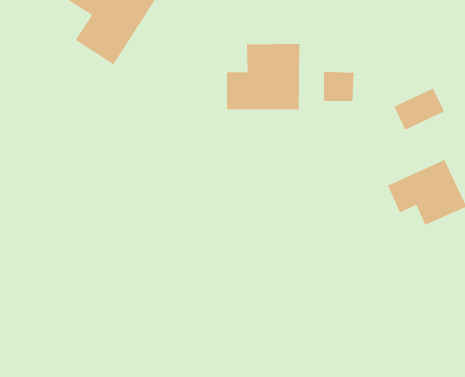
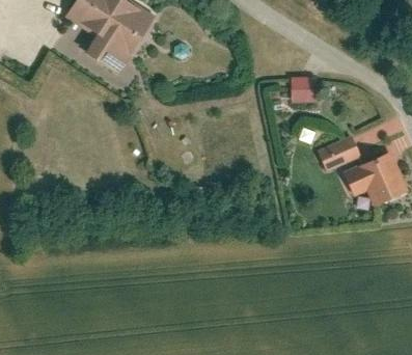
building: [226,43,300,110] -> none
building: [393,88,445,130] -> [319,135,361,170]

